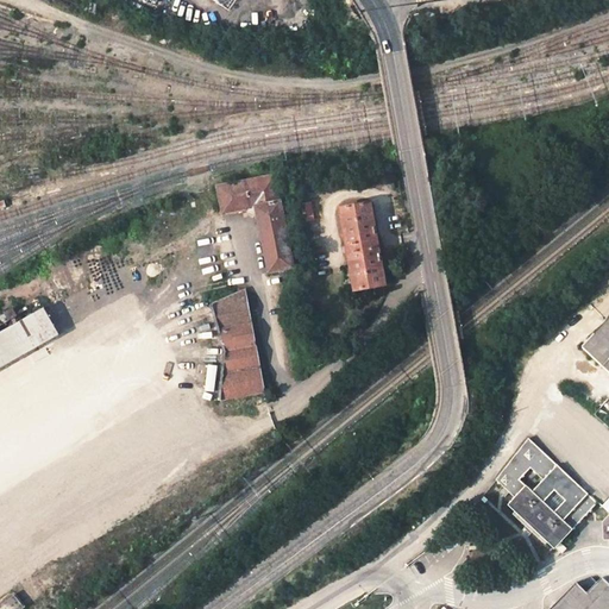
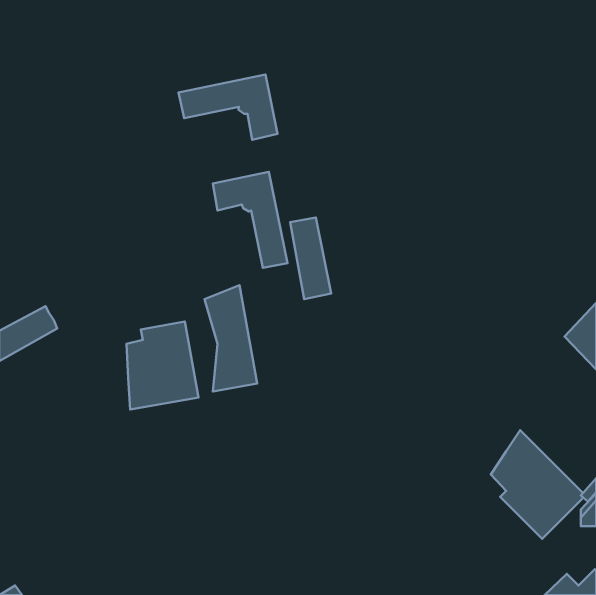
building: none -> [179,75,277,140]
building: [343,202,384,285] -> [290,217,331,299]
building: none -> [127,322,198,410]

